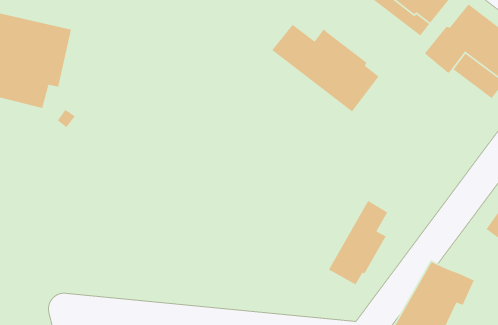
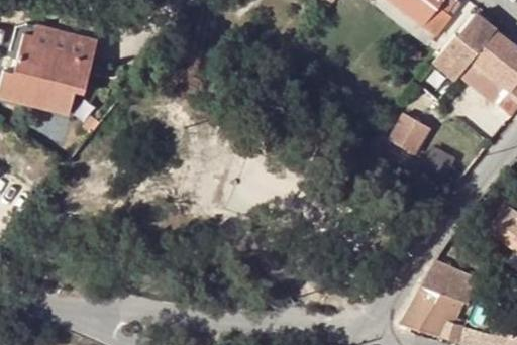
building: [271,24,380,113] -> none
building: none -> [392,114,434,155]
building: [328,200,388,286] -> none

